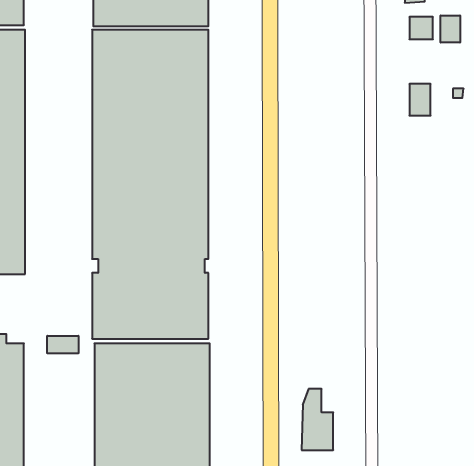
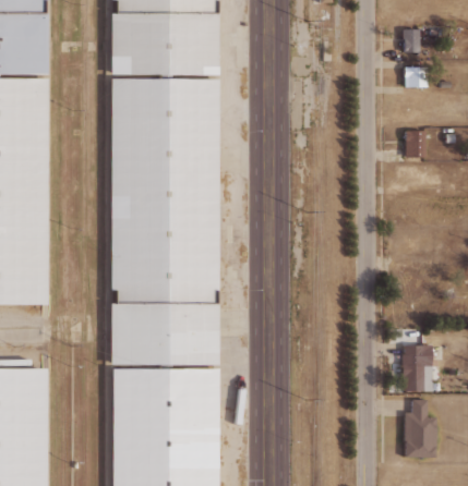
building: [441,15,460,43] -> none
building: none -> [400,343,433,391]
building: [47,336,78,353] -> none
building: [302,389,333,450] -> [404,398,433,454]

